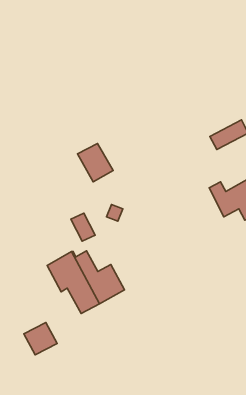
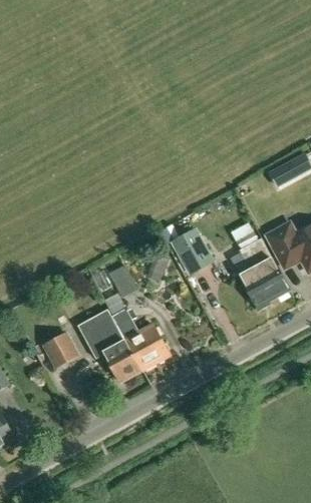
building: [78,143,113,182] -> [172,229,213,274]
building: none -> [239,237,290,306]
building: [24,323,57,355] -> [40,331,78,368]

